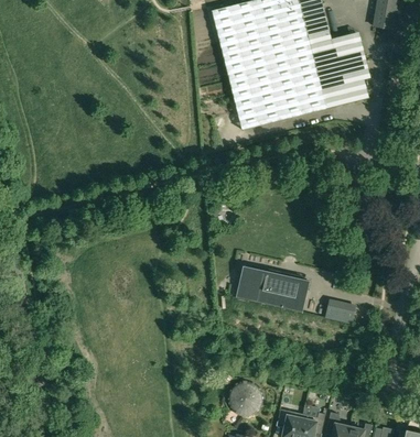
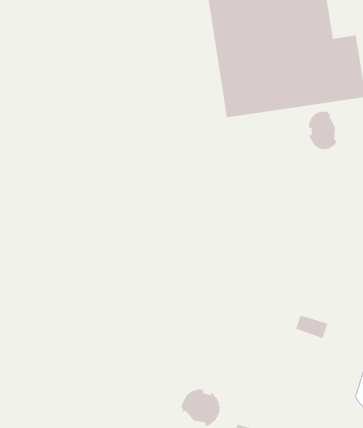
building: none -> [308,110,337,150]
building: [237,266,309,313] -> none

